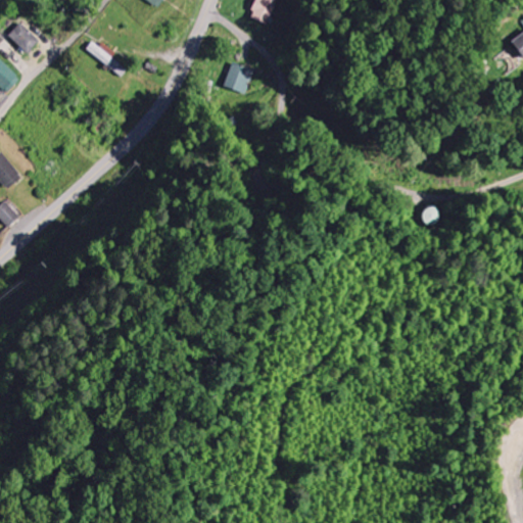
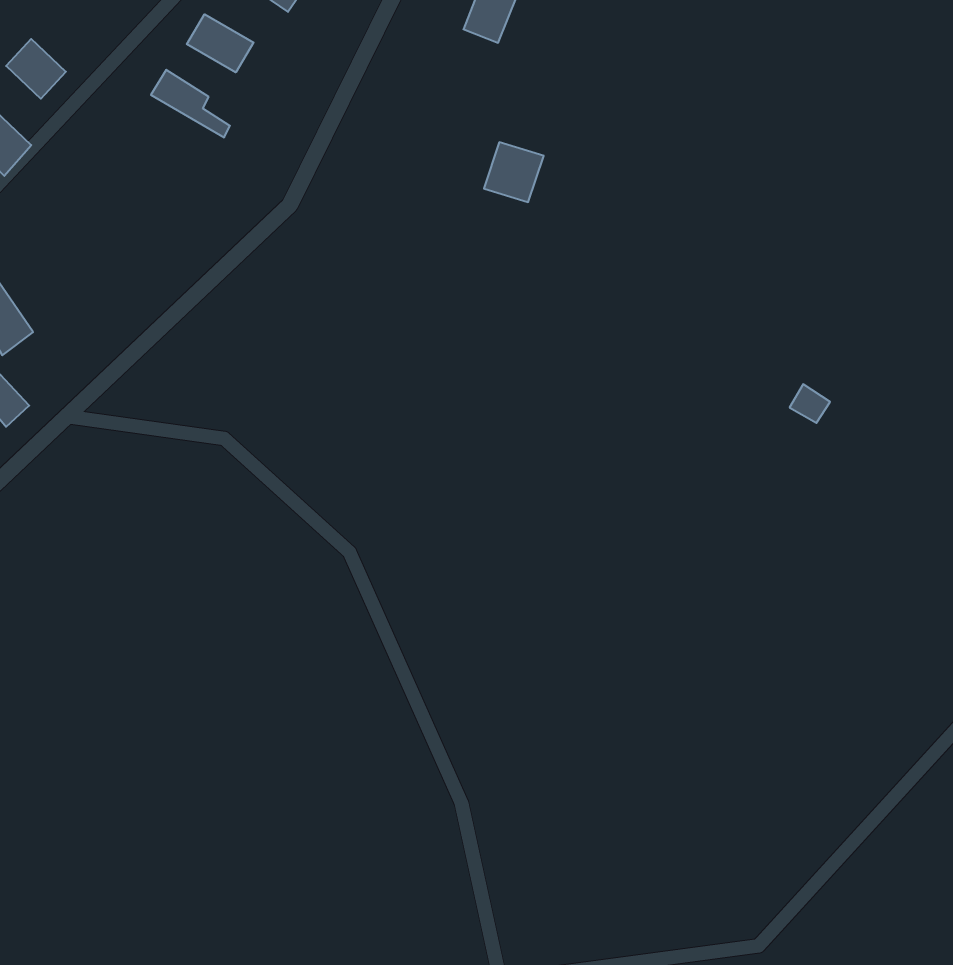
building: none -> [187,14,254,72]
building: [222,61,253,93] -> [484,142,544,202]

